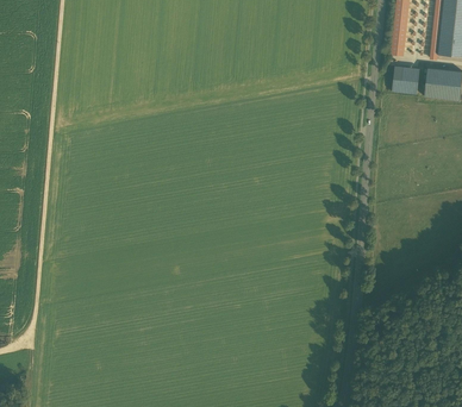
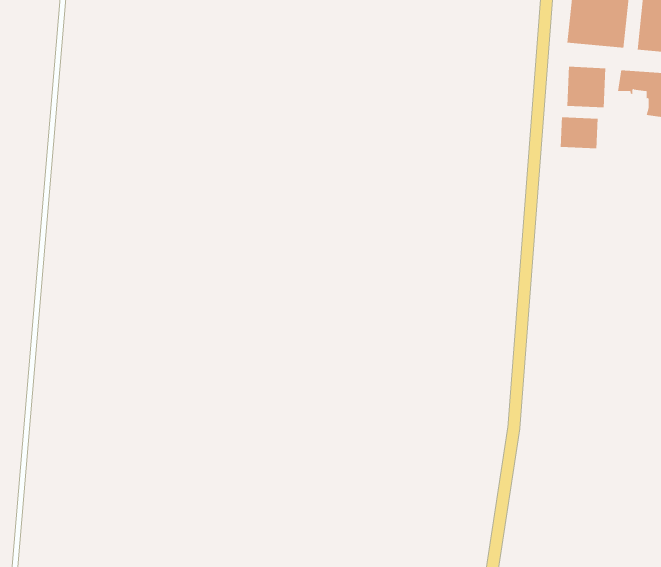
building: none -> [560,116,598,149]

